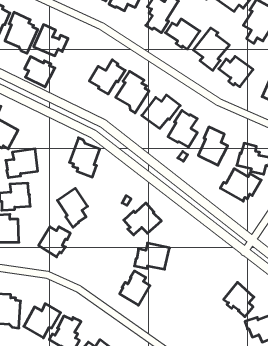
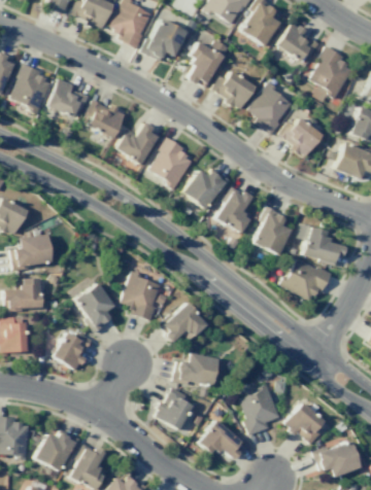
building: [25,57,55,87] -> [87,99,125,137]
building: [69,138,100,177] -> [123,271,161,320]
building: none -> [240,383,282,435]
building: none -> [198,419,245,459]

